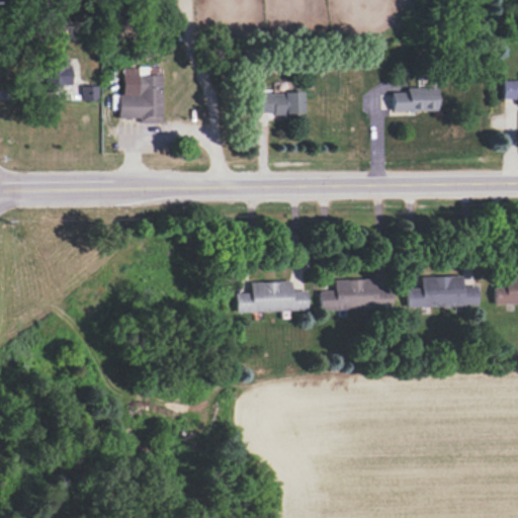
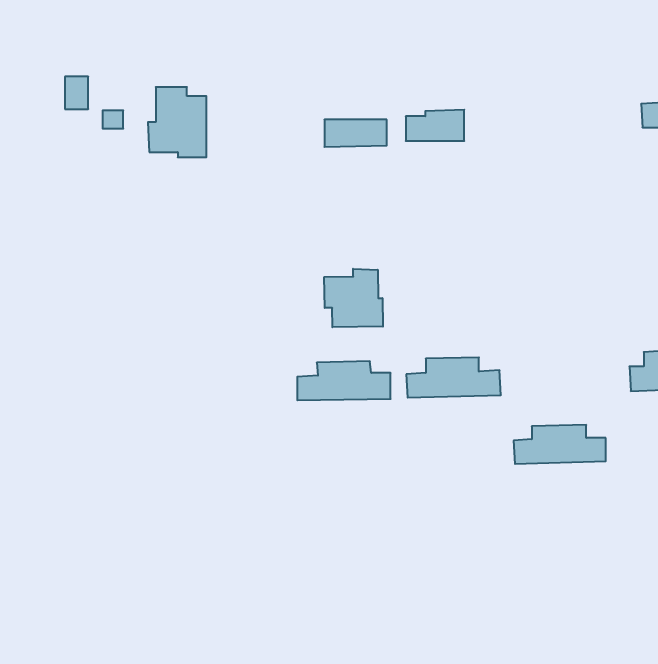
building: [394,87,439,111] -> [406,110,464,141]
building: none -> [324,269,383,327]
building: [408,276,480,307] -> [514,425,606,464]

